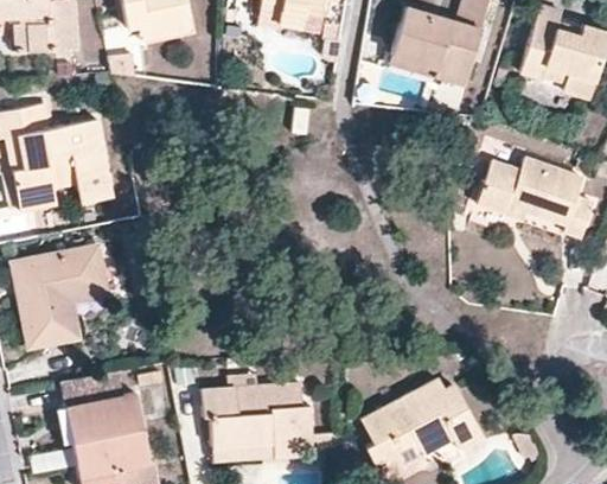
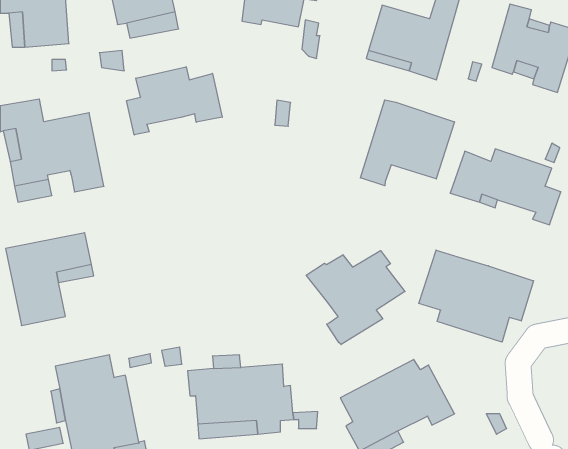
building: none -> [127,67,222,135]
building: none -> [360,100,454,186]
building: none -> [419,250,534,342]
building: none -> [306,251,405,345]

